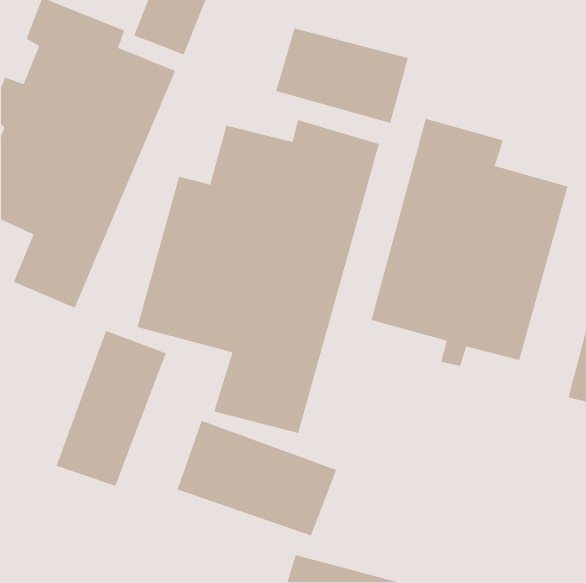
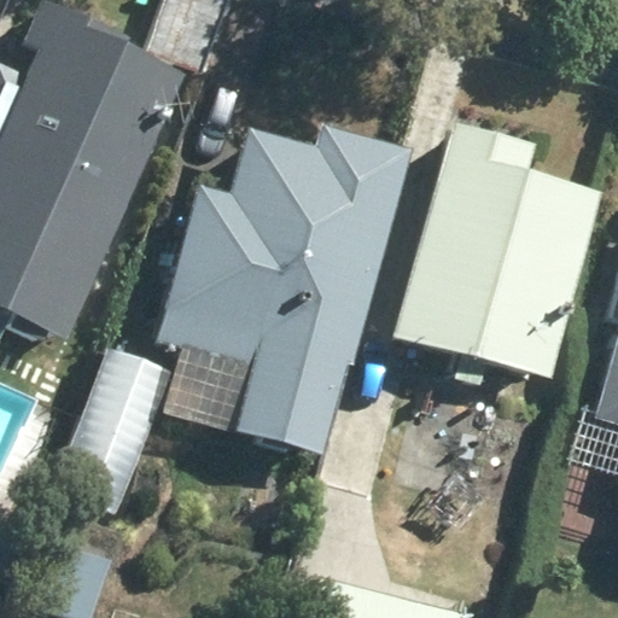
building: [275,28,409,124] -> none
building: [177,420,337,537] -> none

